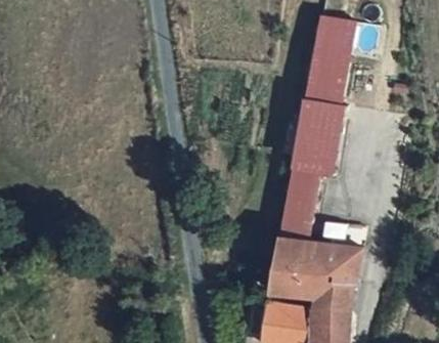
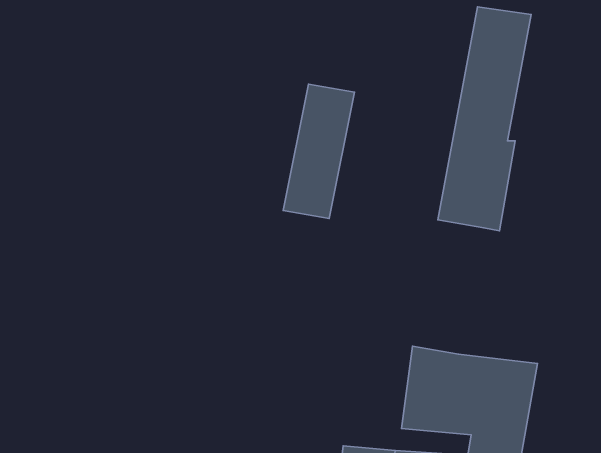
building: [278,162,324,249] -> [283,84,354,218]

